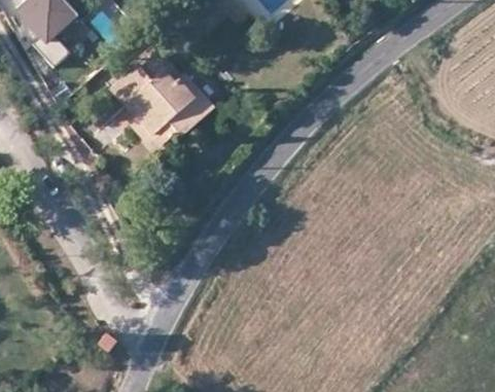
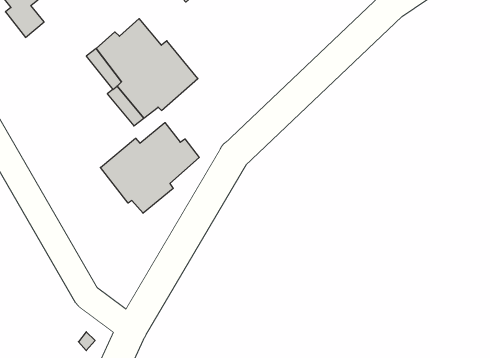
building: none -> [100,123,199,213]

